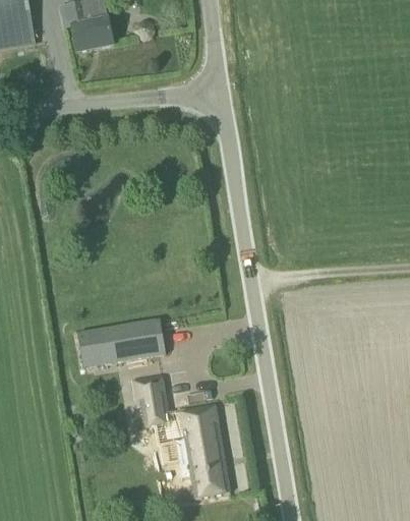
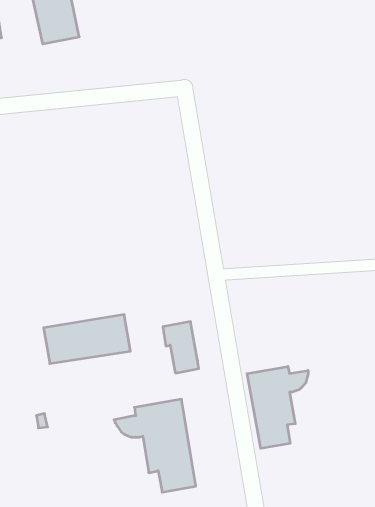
building: none -> [247,366,308,448]
building: [133,372,169,423] -> [163,322,199,373]

